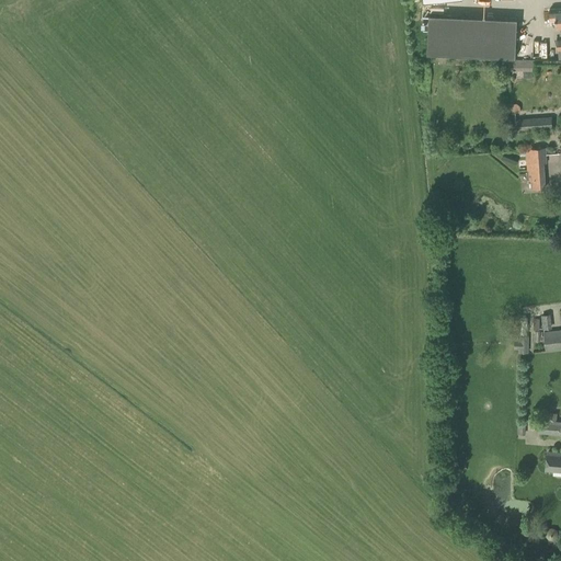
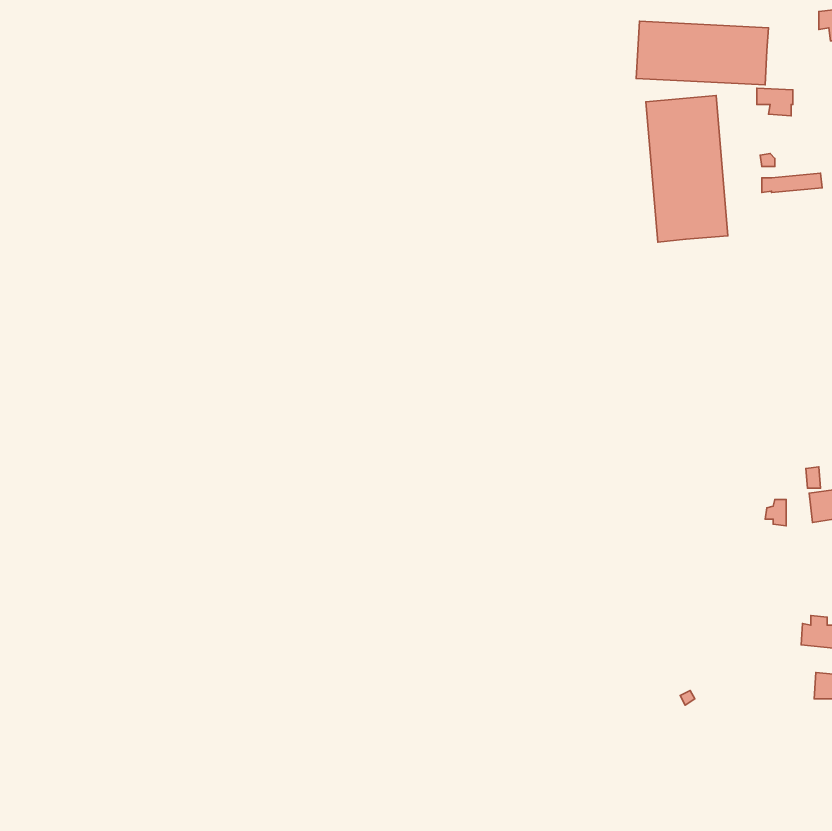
building: none -> [646,96,728,242]
building: [527,149,548,191] -> none

